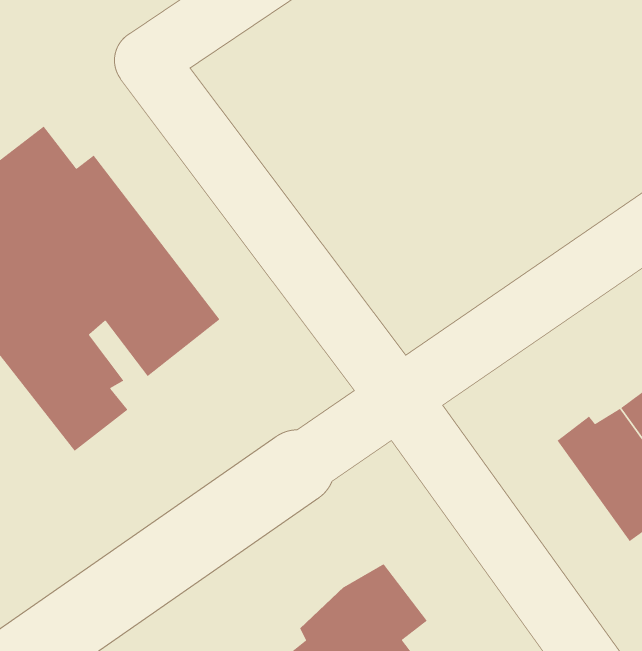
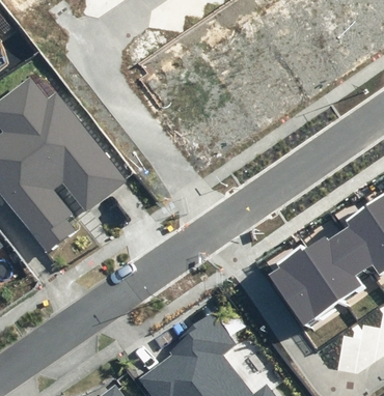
building: none -> [268,247,347,330]

